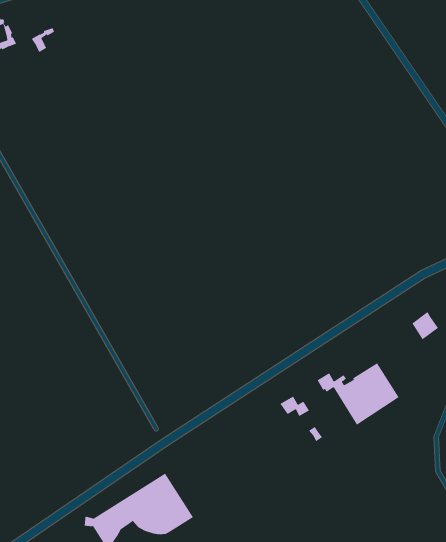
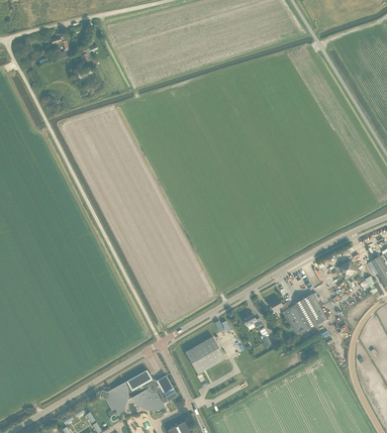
building: none -> [185,335,224,373]

